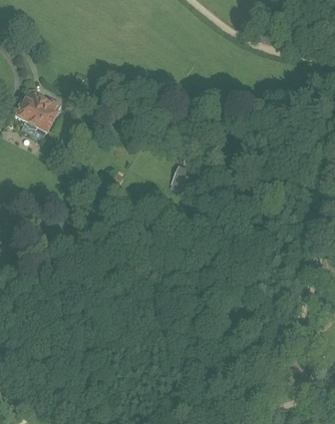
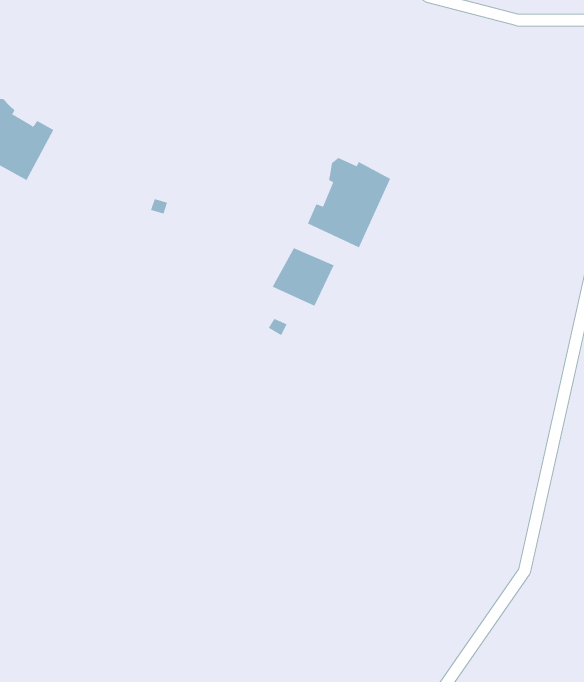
building: none -> [307,157,391,248]

